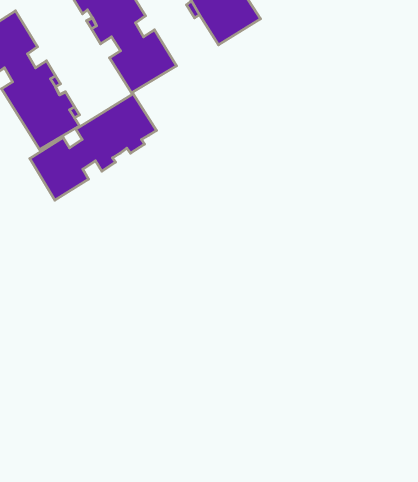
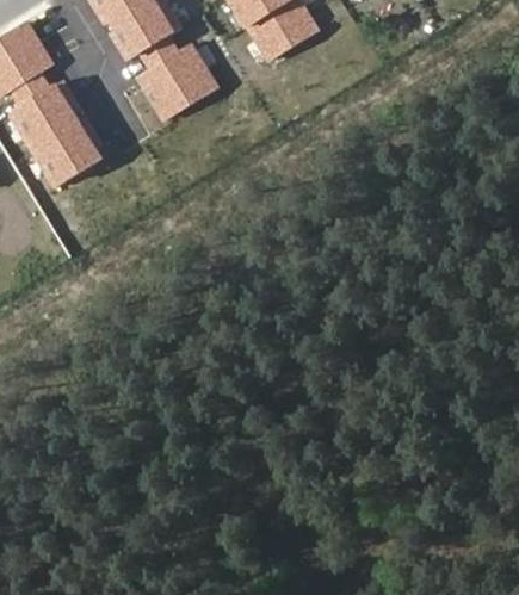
building: [30,94,157,200] -> none

